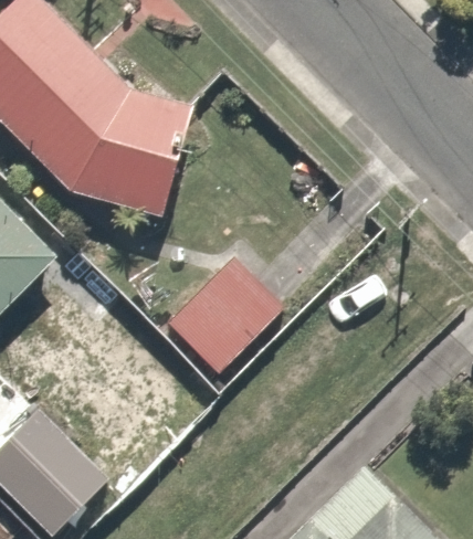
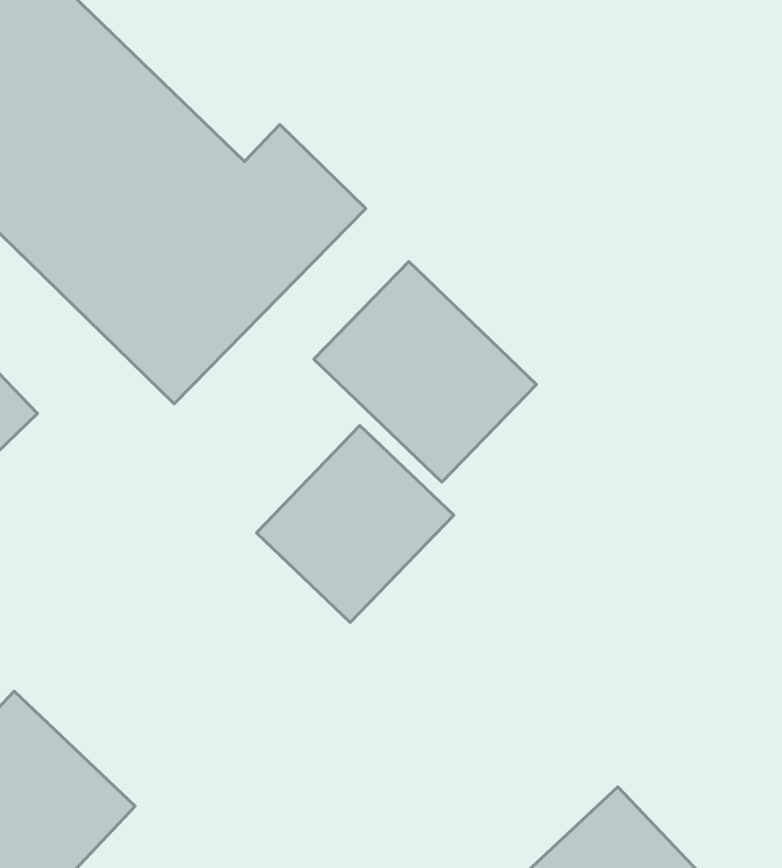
building: none -> [314,261,537,482]

